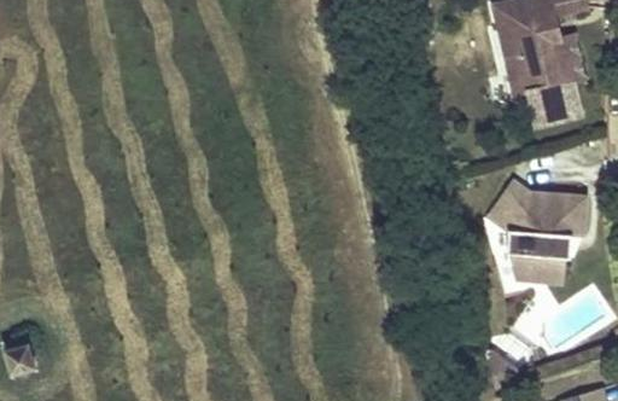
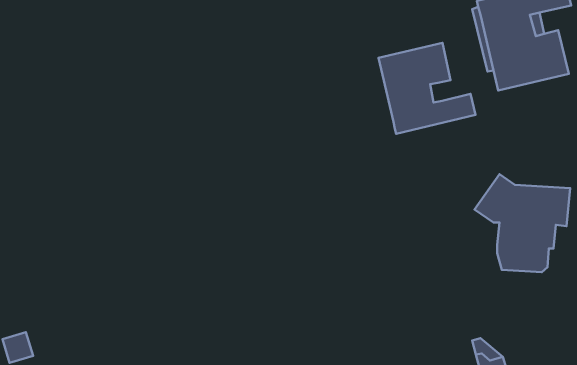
building: none -> [379,43,475,134]

